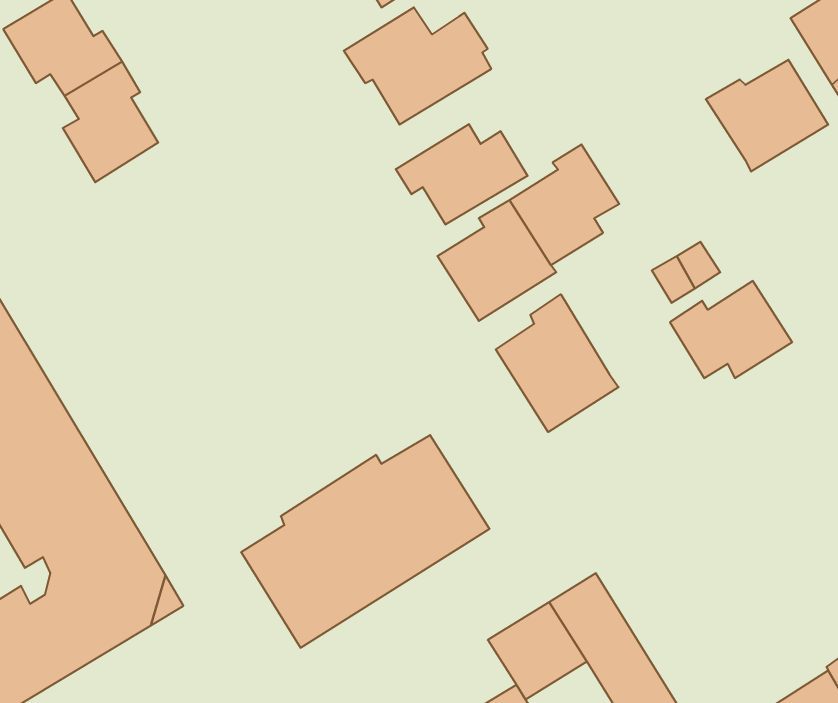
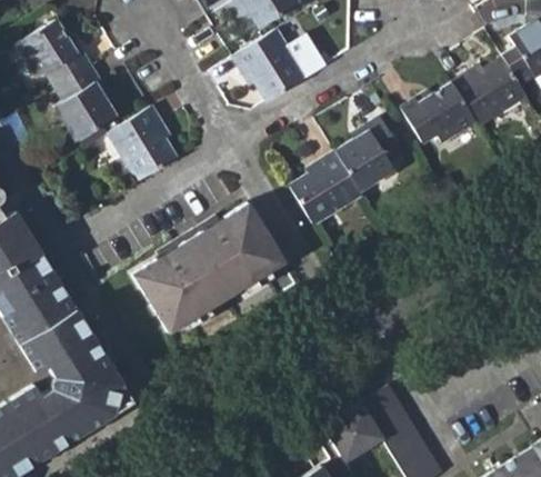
building: [396,124,528,225] -> none
building: none -> [108,105,178,180]
building: [670,281,792,378] -> [403,87,479,147]
building: [496,294,619,432] -> none
building: [241,435,490,648] -> [130,200,283,331]

